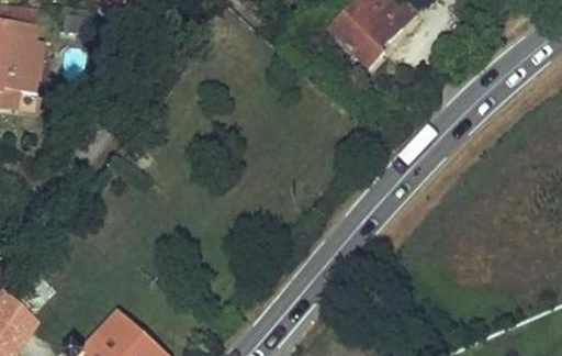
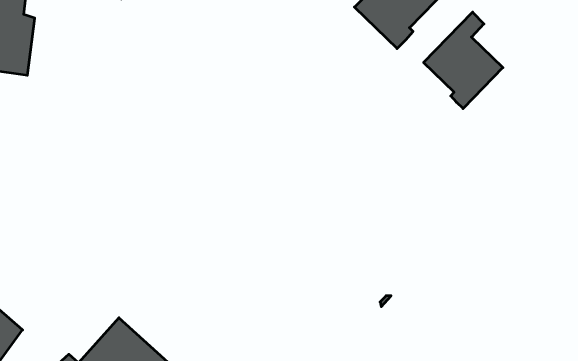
building: none -> [424,12,503,109]

